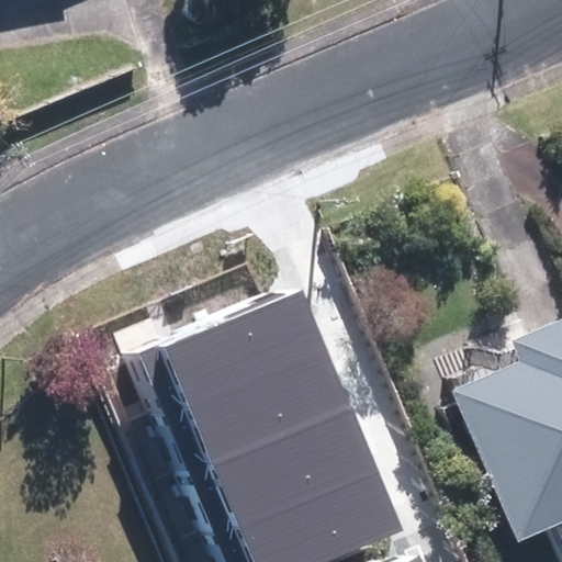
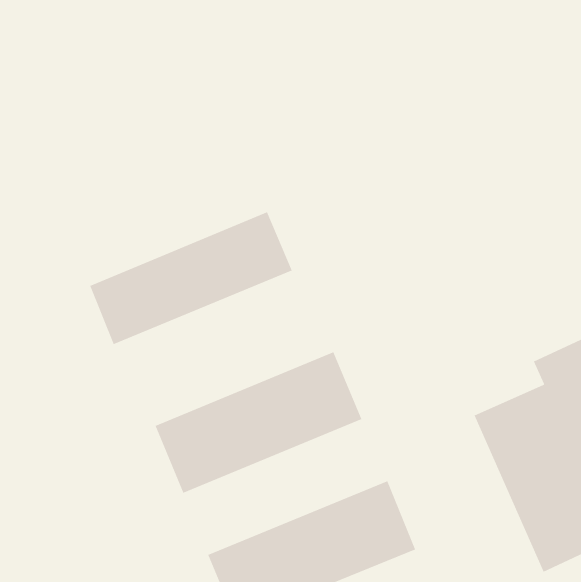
building: [128,282,324,411] -> [89,211,293,345]
building: [179,405,375,535] -> none

